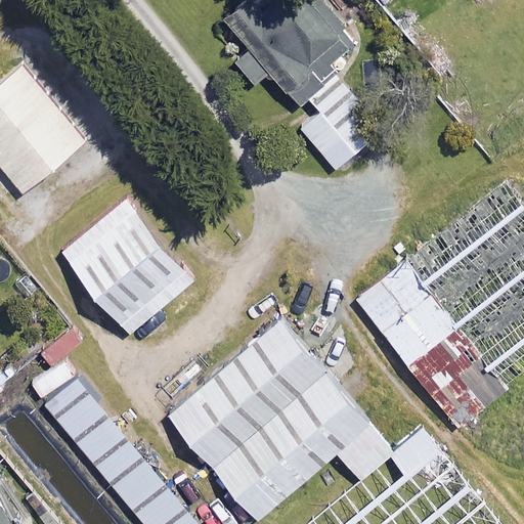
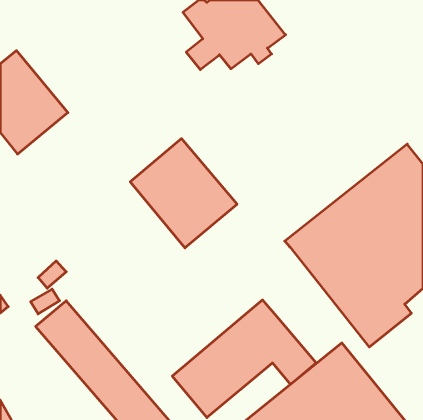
building: [299,76,384,171] -> none
building: [60,201,192,336] -> [130,139,237,248]
building: [168,320,324,469] -> none

